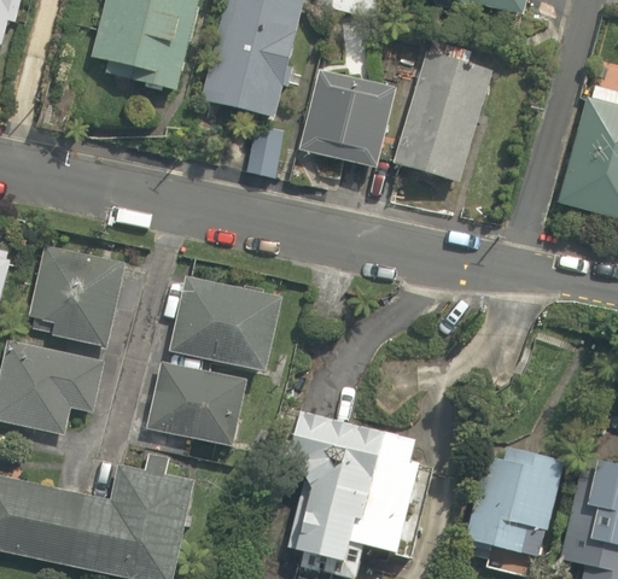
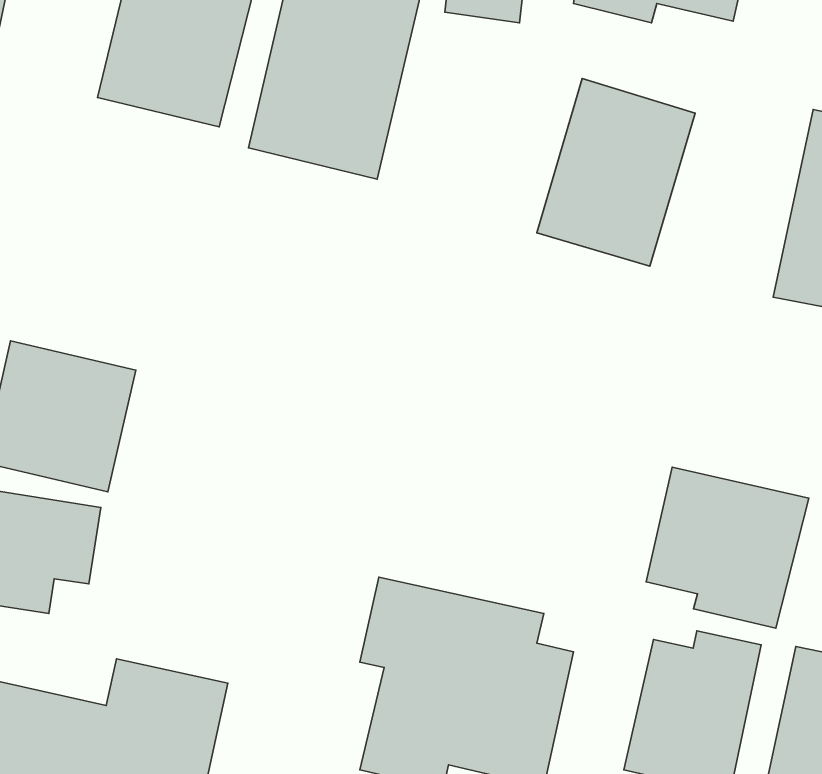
building: [310,83,410,172] -> none
building: [169,273,273,370] -> none
building: none -> [646,467,809,628]
building: [142,359,243,445] -> none

